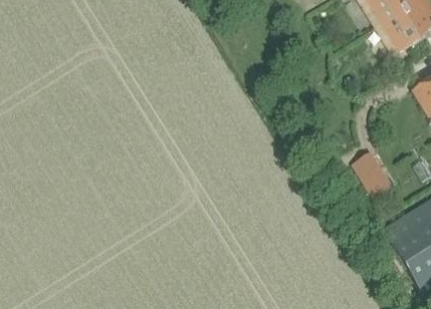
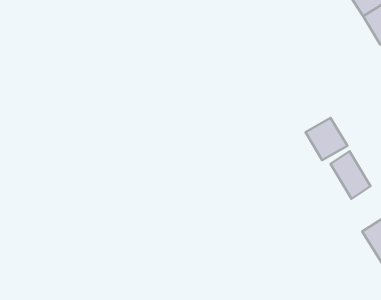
building: none -> [305,118,348,160]

